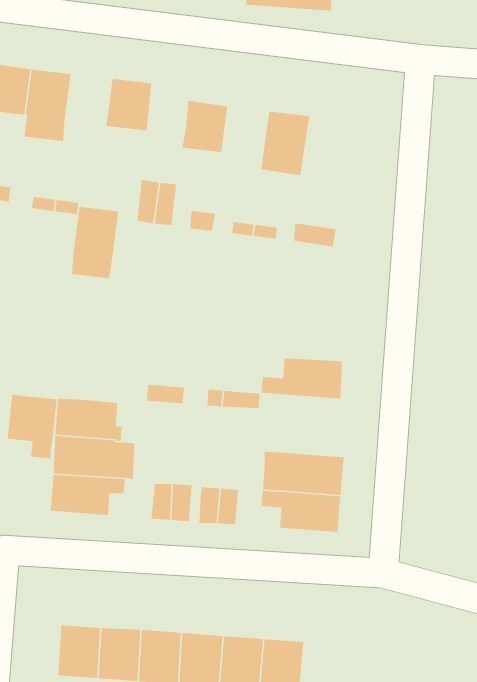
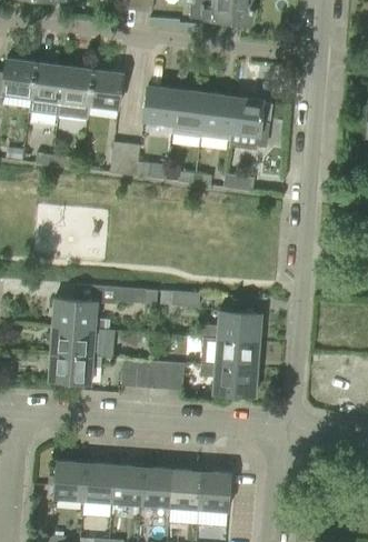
building: none -> [171,90,206,138]
building: none -> [228,97,268,150]
building: [71,206,119,279] -> [59,67,93,119]
building: [261,358,343,400] -> [202,311,261,341]
building: [7,394,57,459] -> none

